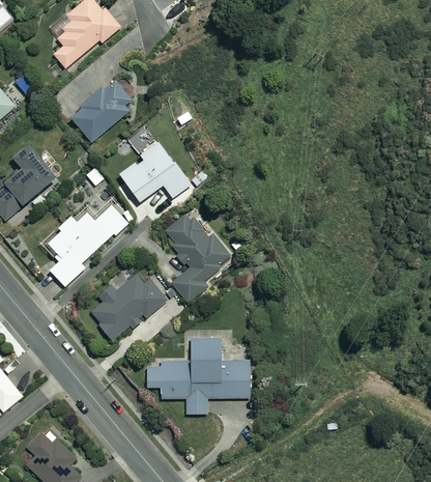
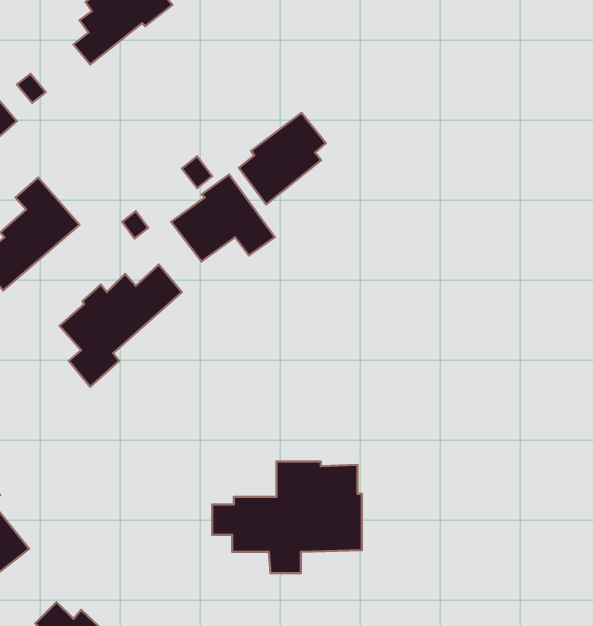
building: [71,80,131,142] -> [239,113,326,204]
building: [165,214,231,304] -> none
building: [90,275,167,340] -> none

